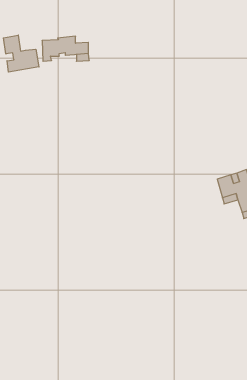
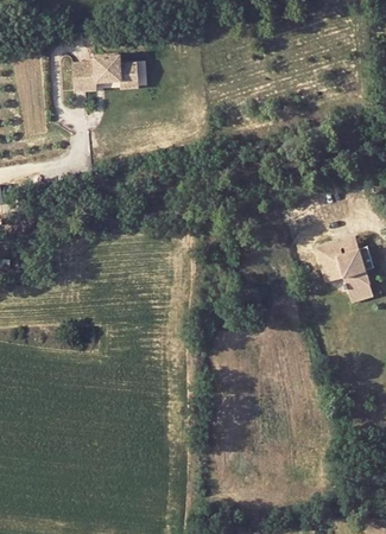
building: [3,35,39,72] -> none

